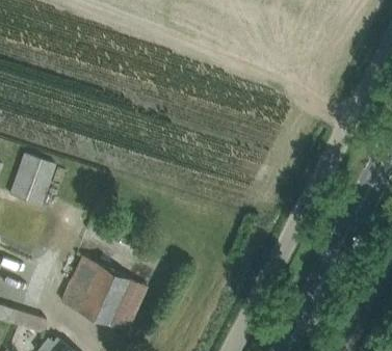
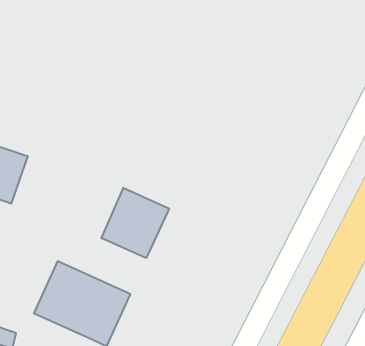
building: none -> [101,188,169,258]

